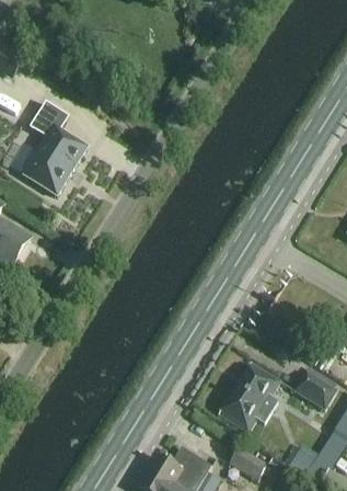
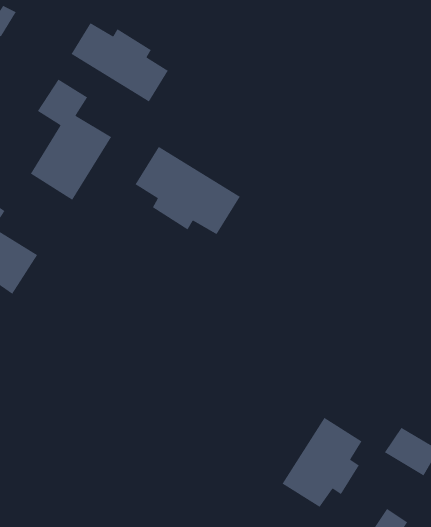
building: none -> [71,22,169,102]
building: none -> [134,146,241,235]

